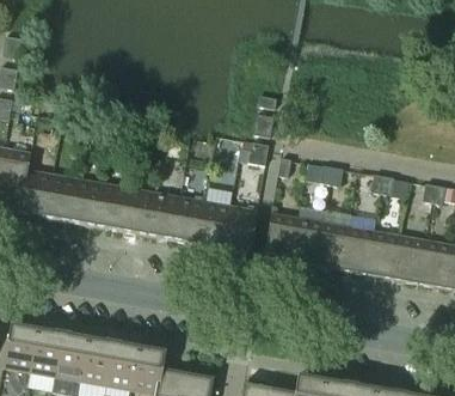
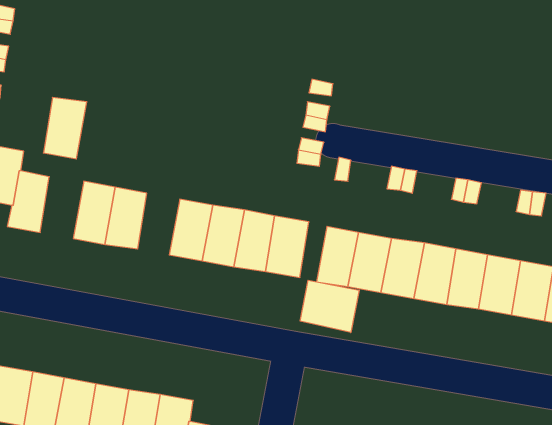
building: [43,172,78,221] -> [43,97,87,159]
building: [121,185,154,234] -> none
building: none -> [300,280,359,333]

